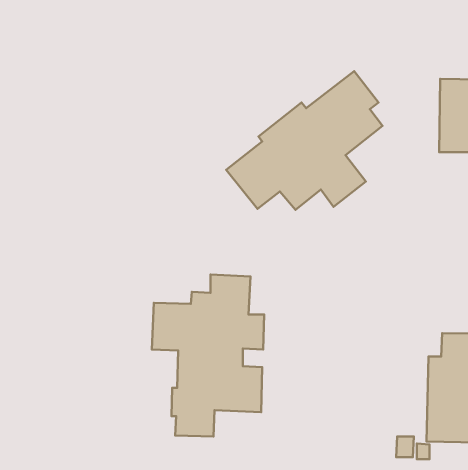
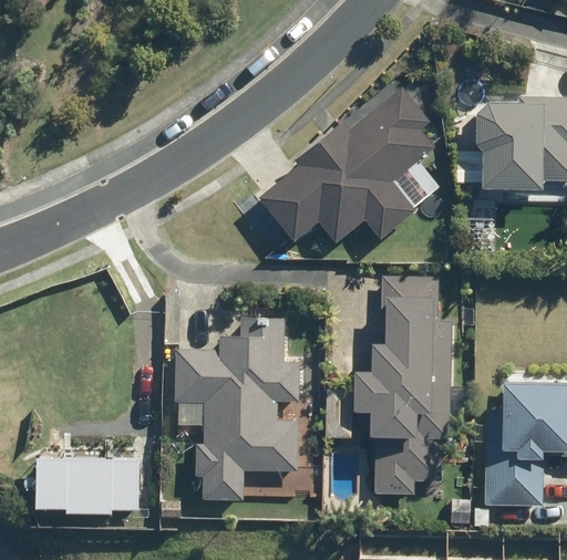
building: none -> [352,277,451,496]
building: none -> [43,449,137,514]

